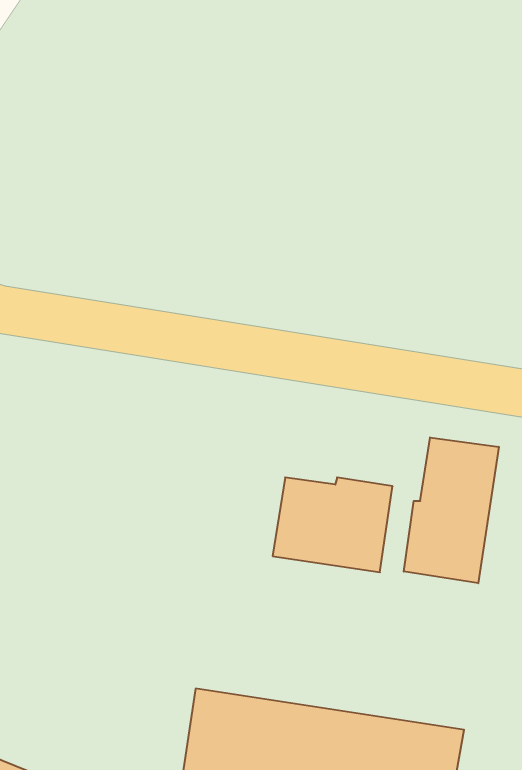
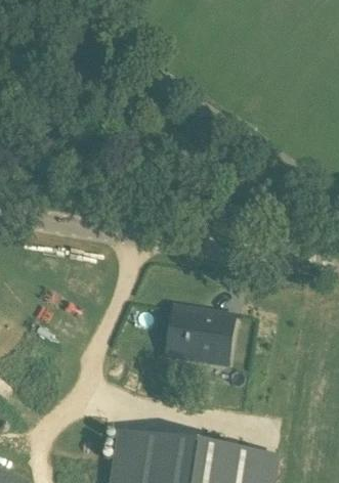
building: [404,437,499,583] -> none

